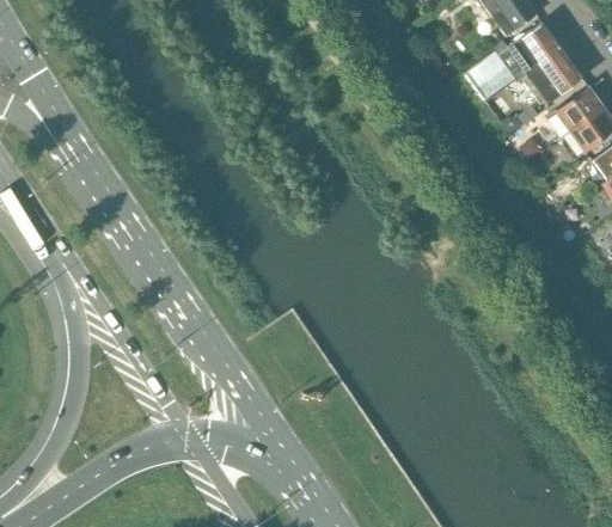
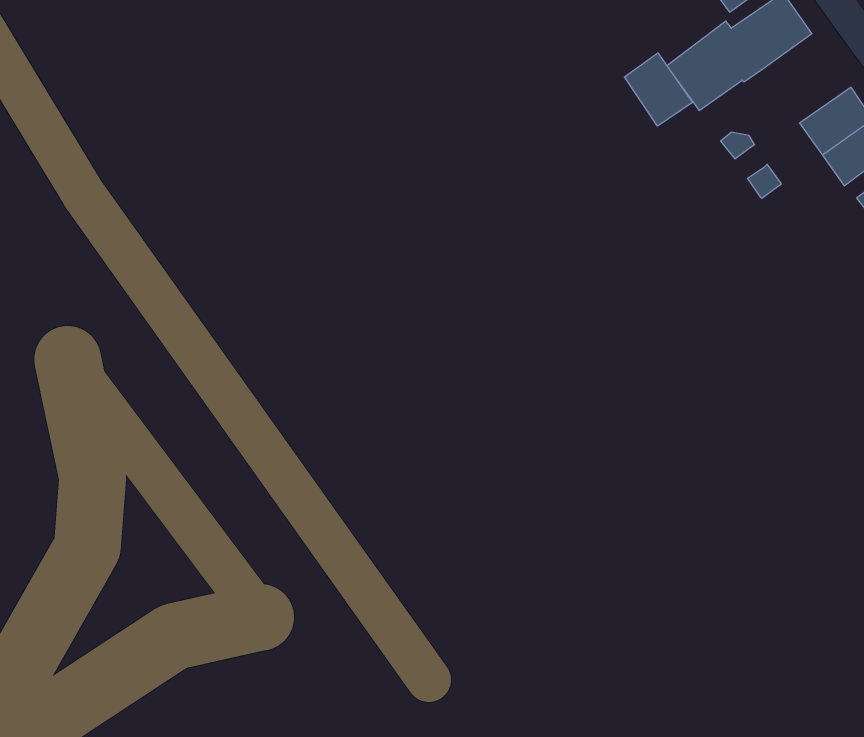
building: [530,50,583,102] -> none
building: none -> [624,53,693,126]

